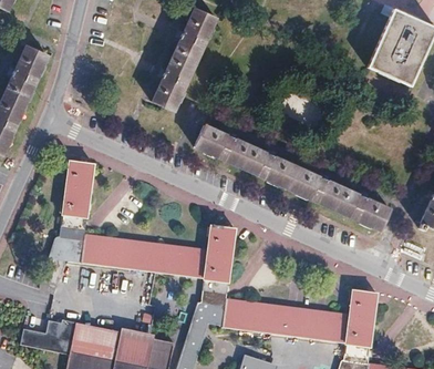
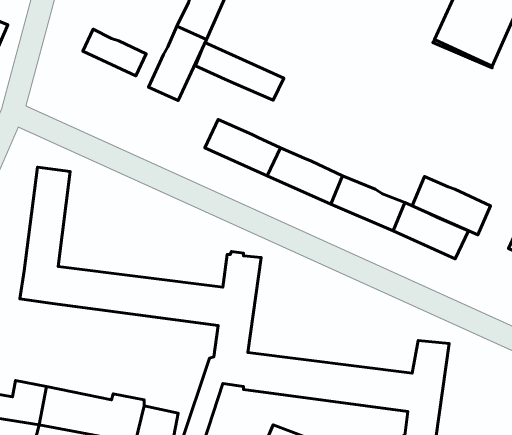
building: none -> [83,29,146,76]
building: none -> [196,43,284,100]
building: none -> [412,176,490,235]

